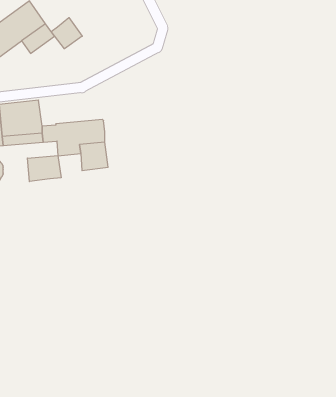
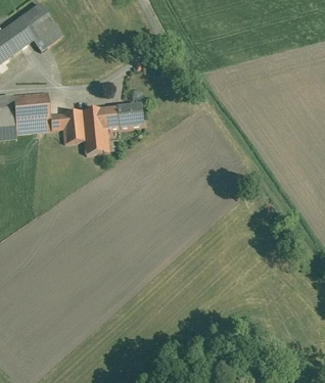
building: [51,18,82,49] -> none
building: none -> [105,106,143,128]
building: [27,156,61,182] -> none

